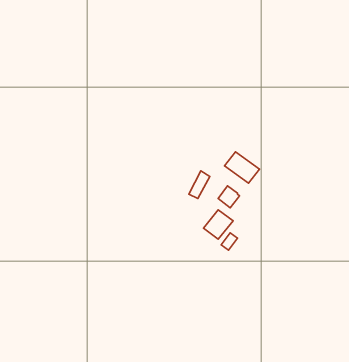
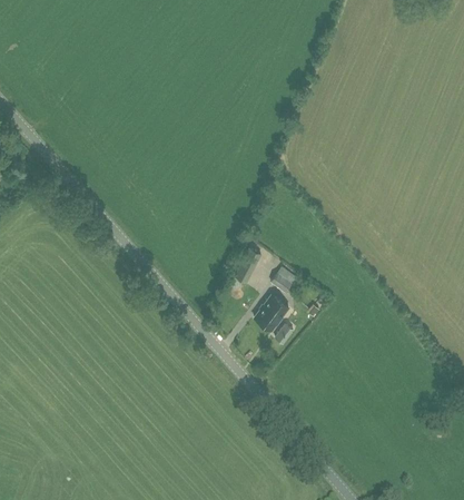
building: [224,152,260,183] -> none

